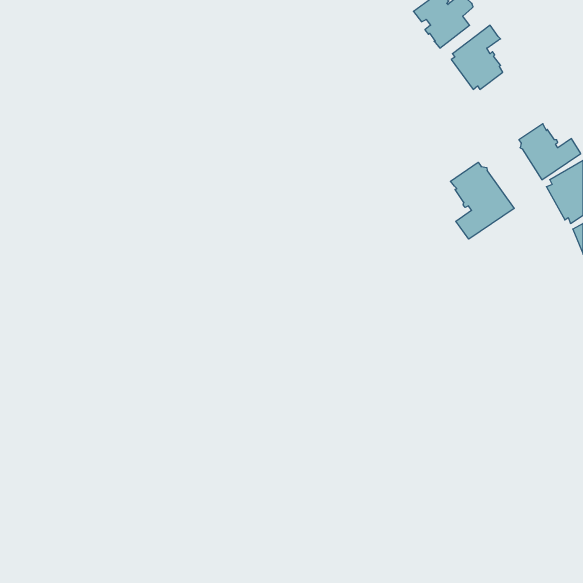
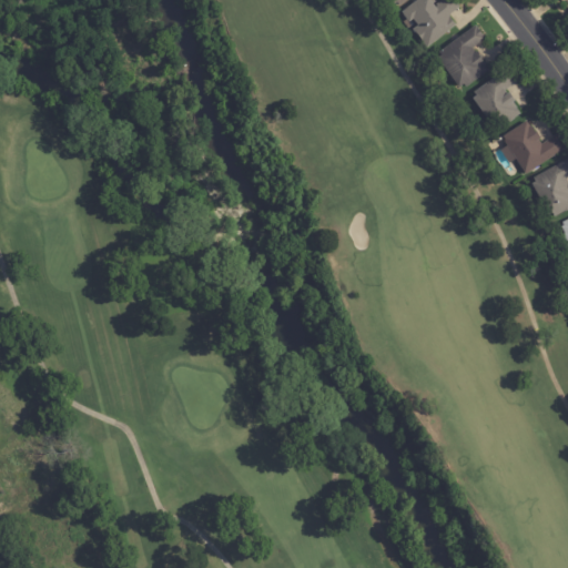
building: none -> [473,67,519,128]
building: [450,162,514,239] -> none

